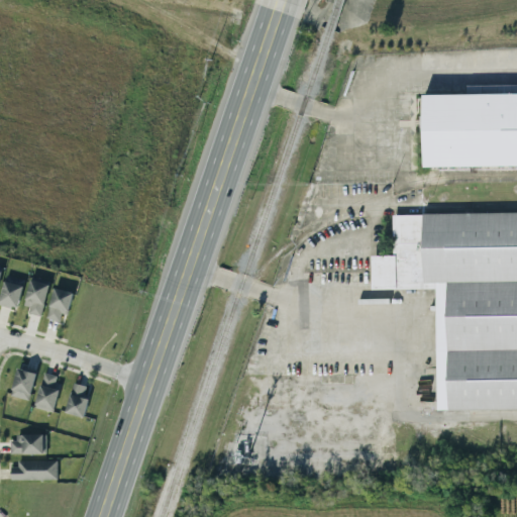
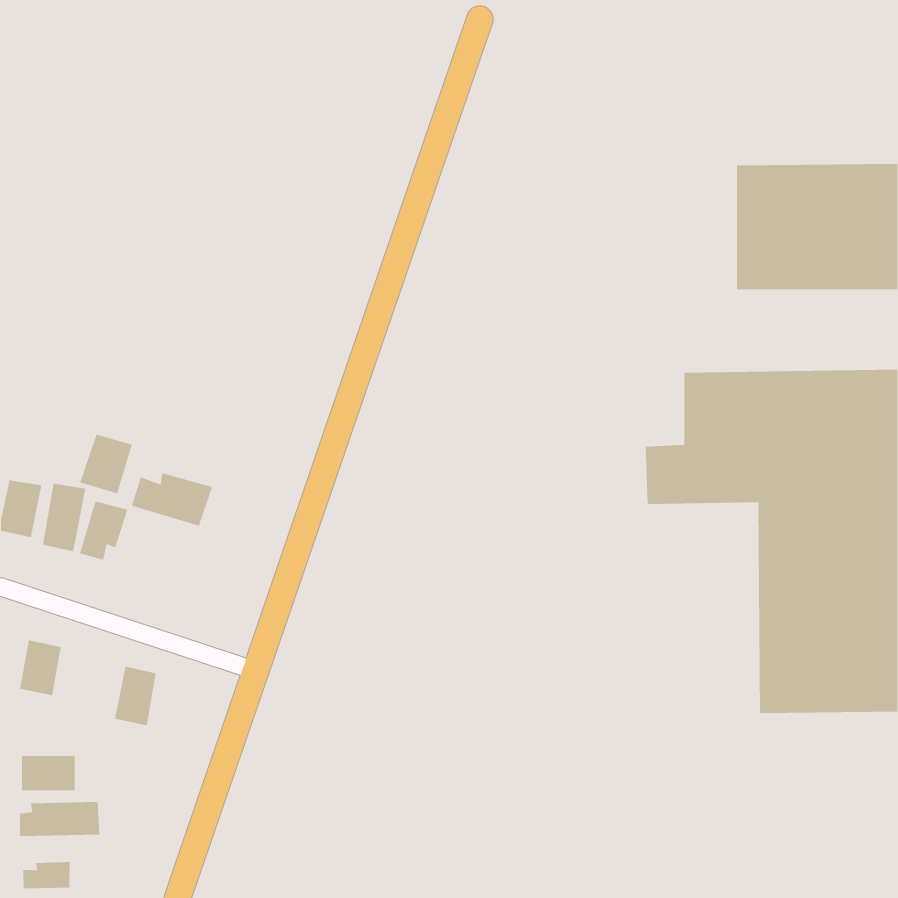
building: none -> [79,434,133,494]
building: none -> [131,472,213,527]
building: [34,373,62,412] -> none
building: none -> [23,861,70,889]

